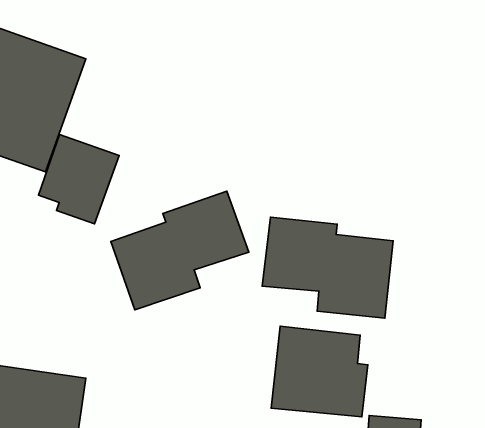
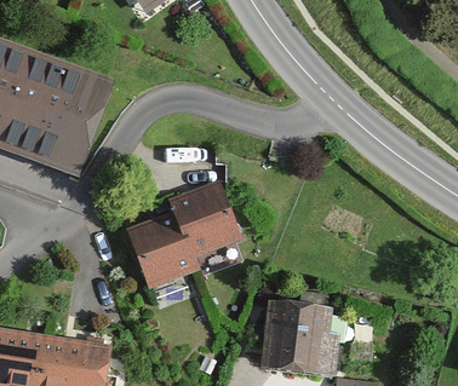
building: [38,135,119,224] -> none
building: [262,217,393,318] -> none

